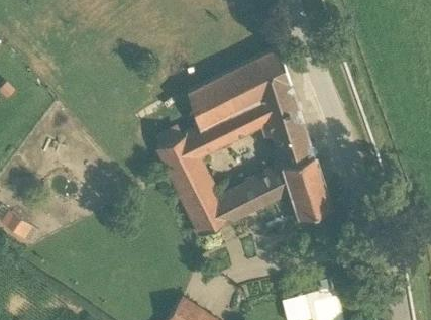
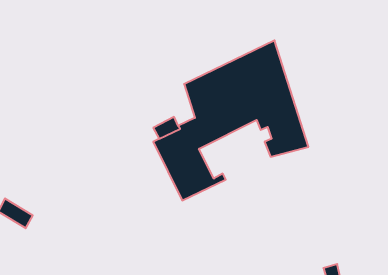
building: [186,155,331,236] -> none

